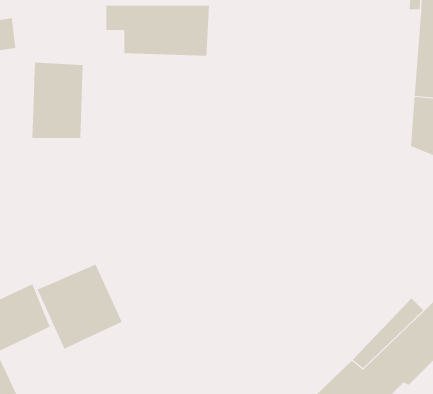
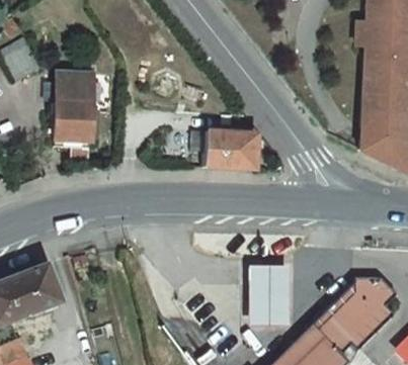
building: [106,5,210,56] -> [183,132,266,173]
building: [37,264,122,350] -> none
building: none -> [248,262,291,325]

